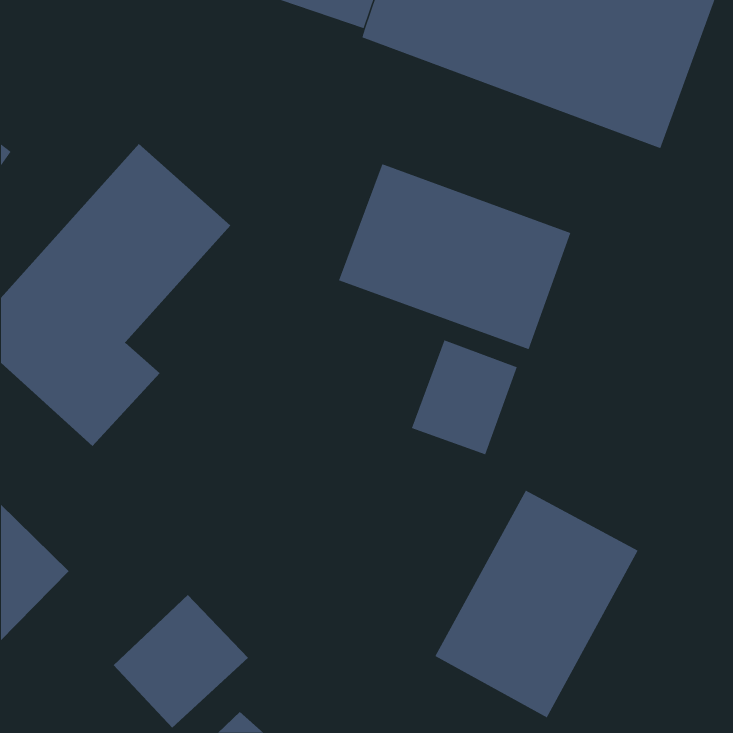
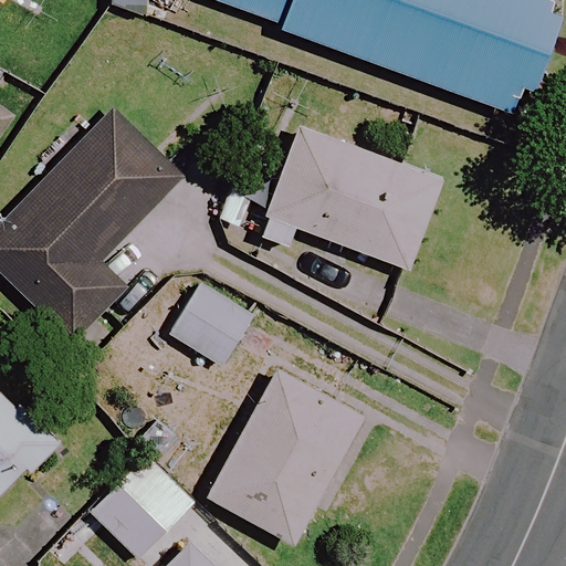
building: [411,340,518,455] -> none
building: none -> [165,280,253,365]
building: [435,490,638,718] -> [208,369,364,544]

